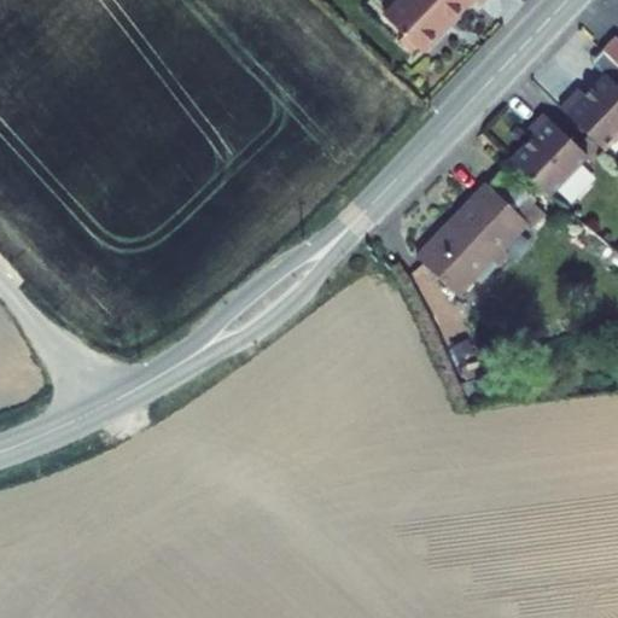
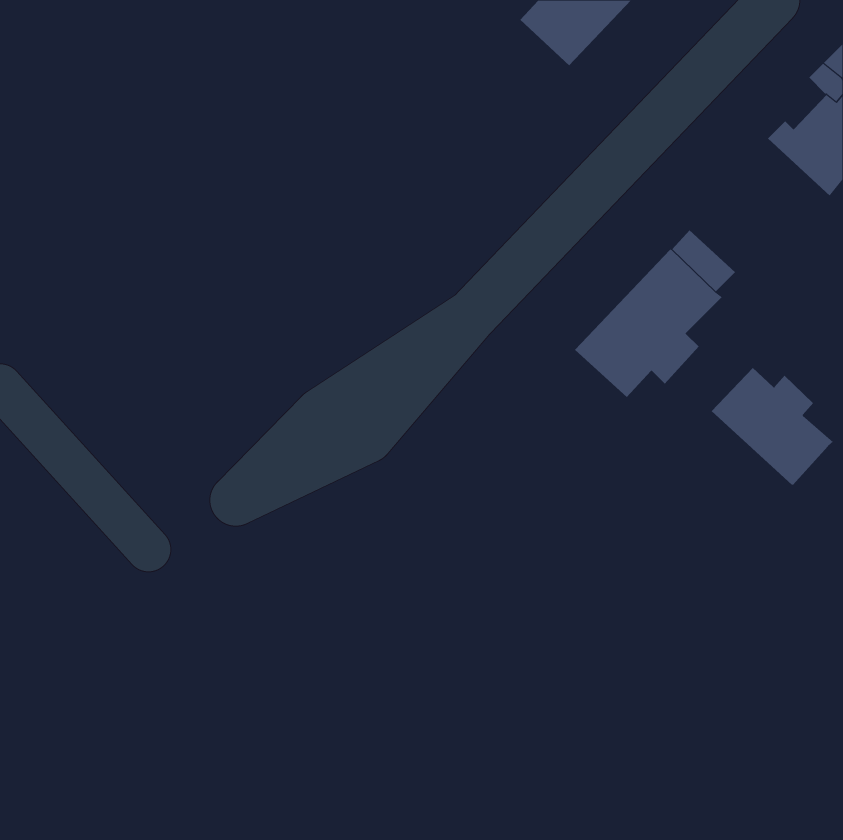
building: [505,116,589,193] -> none
building: none -> [711,367,834,486]

